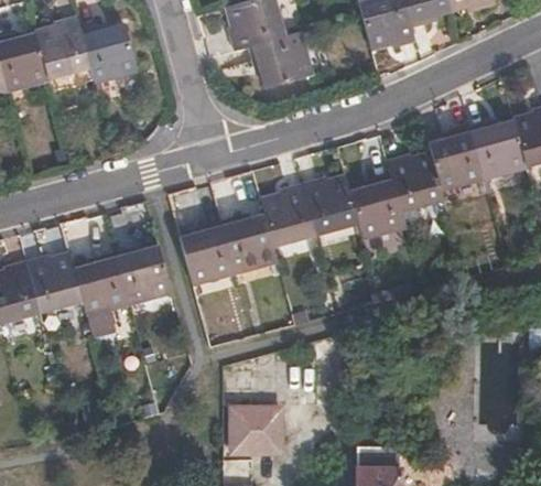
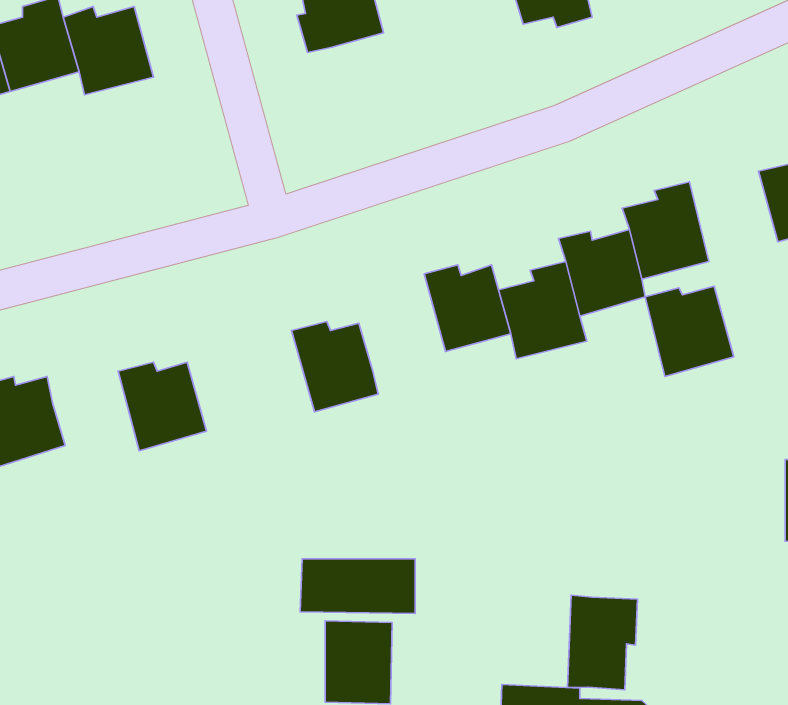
building: [248,34,305,89] -> none
building: [470,125,526,181] -> [645,286,734,376]
building: [261,188,318,249] -> none
building: [180,224,237,285] -> none
building: [74,249,128,331] -> none
building: none -> [568,595,637,690]

